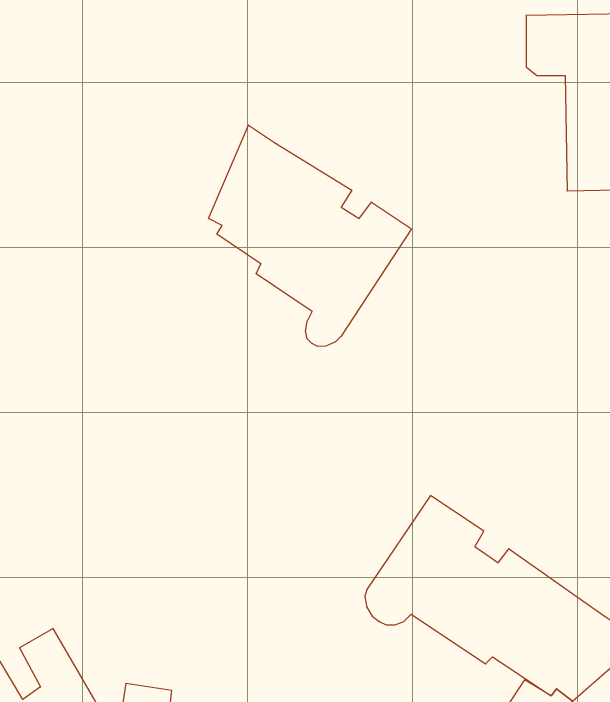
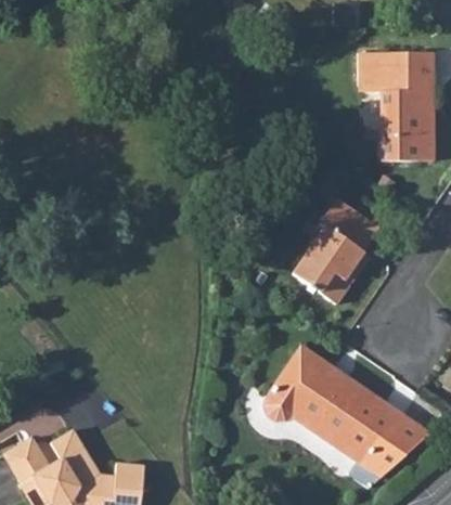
building: [209,125,411,346] -> none
building: none -> [293,198,378,303]

